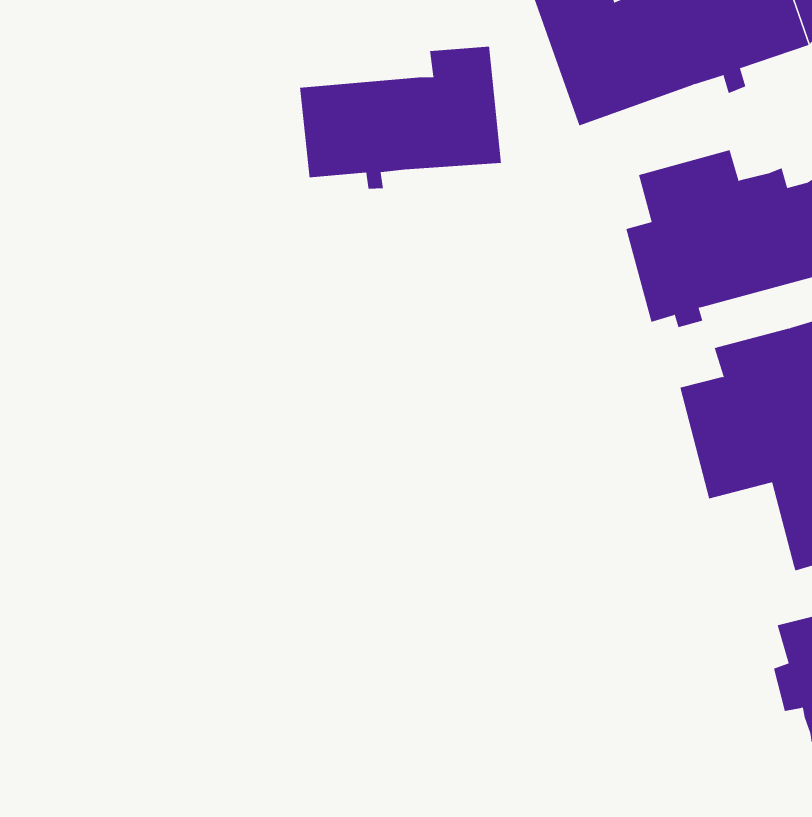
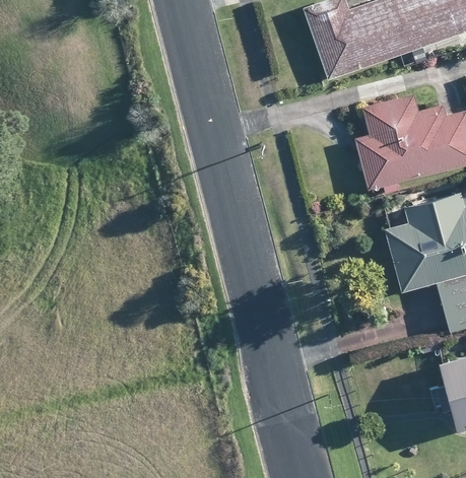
building: [299,46,501,189] -> none

